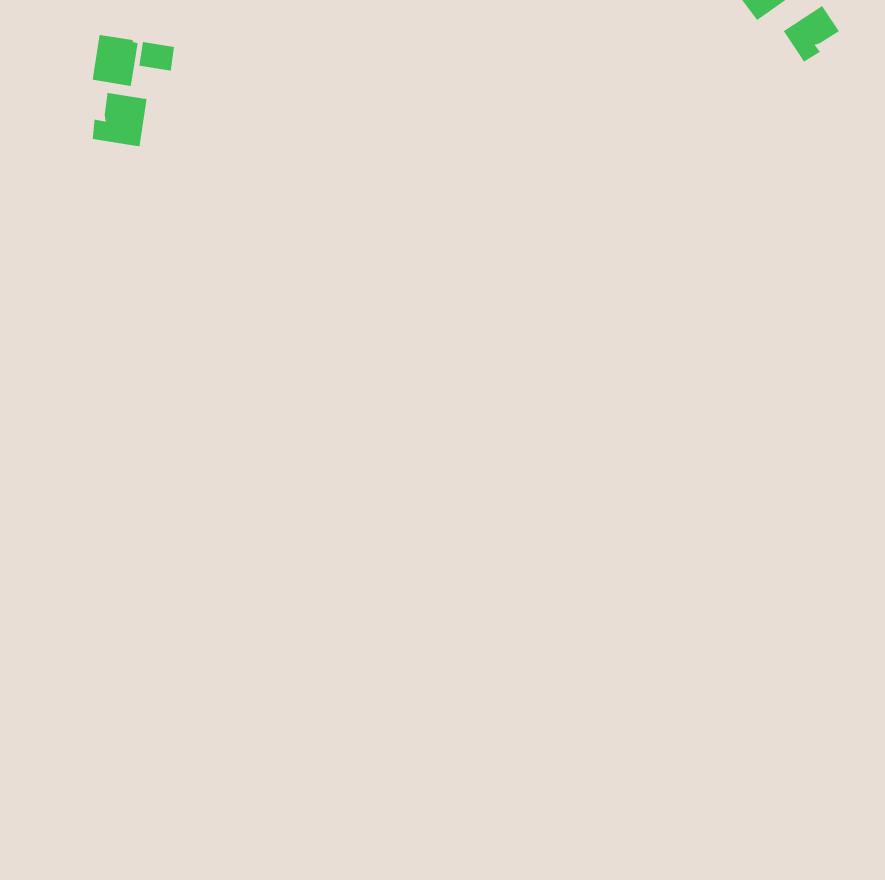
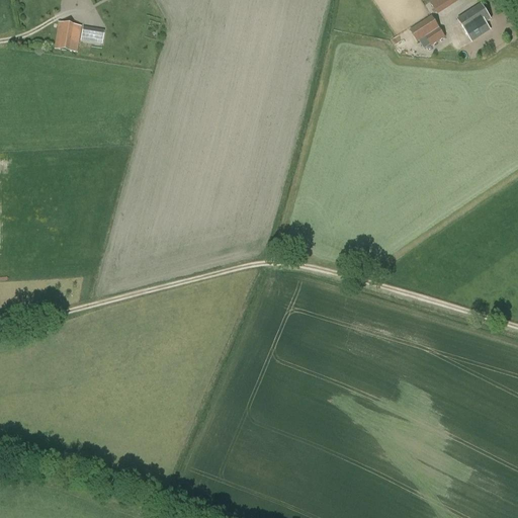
building: none -> [410,15,445,45]
building: [92,92,147,147] -> none

